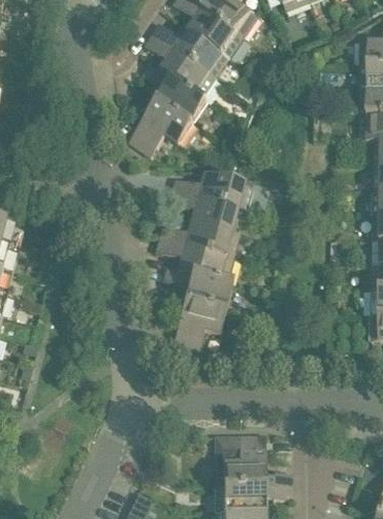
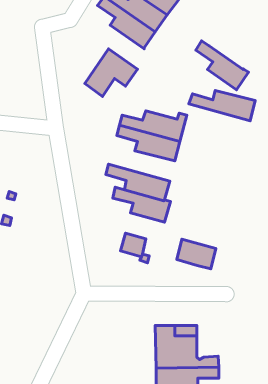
building: [143,60,208,120] -> [196,41,248,90]
building: [158,219,238,256] -> [189,90,255,121]
building: [179,295,226,331] -> [177,239,216,269]

